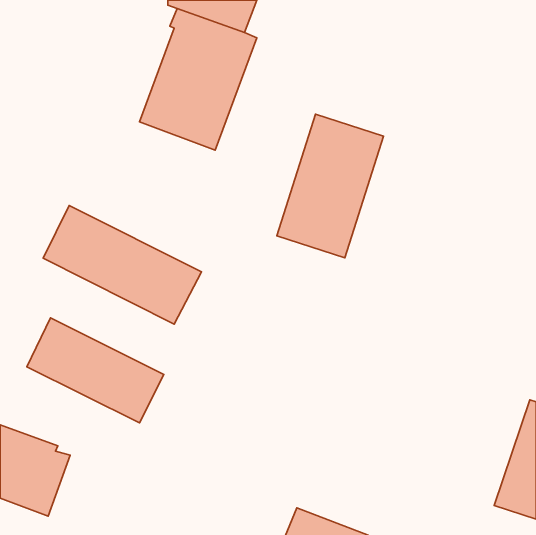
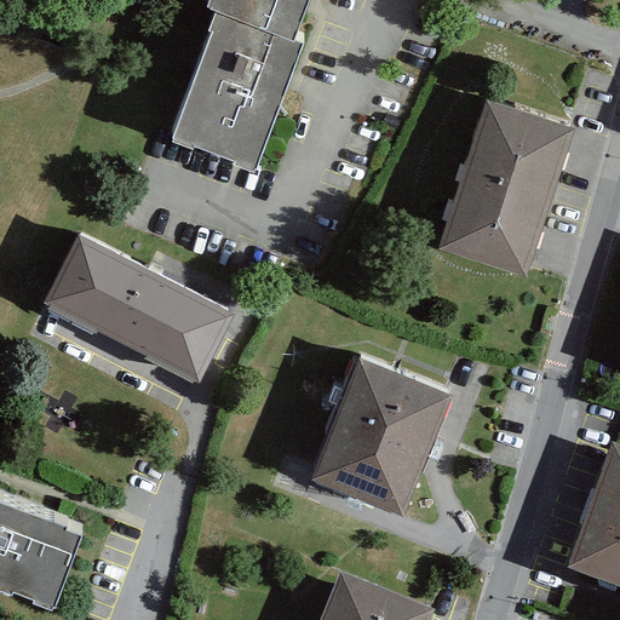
building: [277,114,384,258] -> [443,102,567,268]
building: none -> [315,358,444,509]
building: [27,318,164,423] -> none

